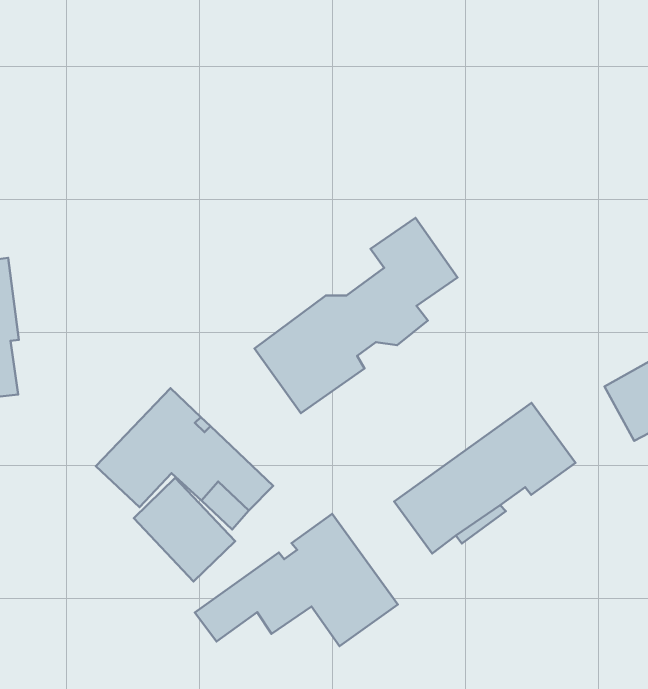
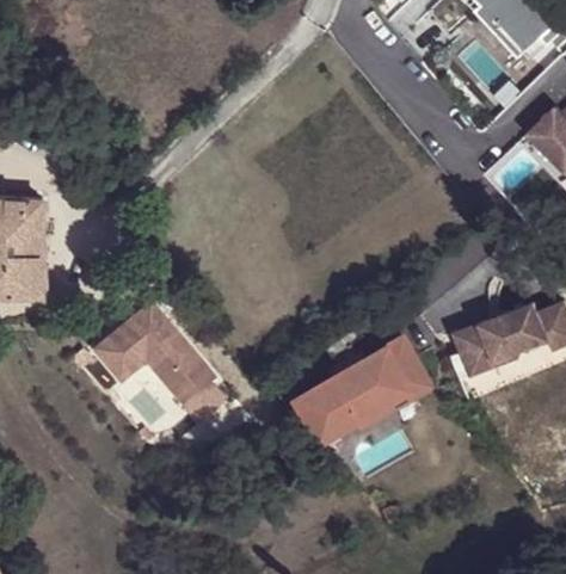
building: [254,218,457,413] -> none
building: [195,514,398,646] -> none

